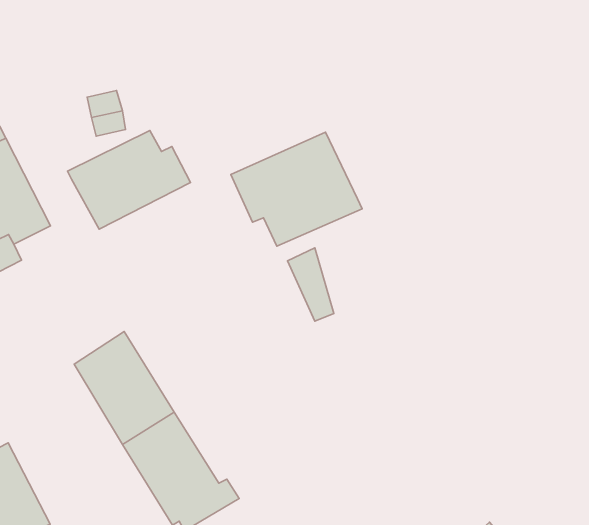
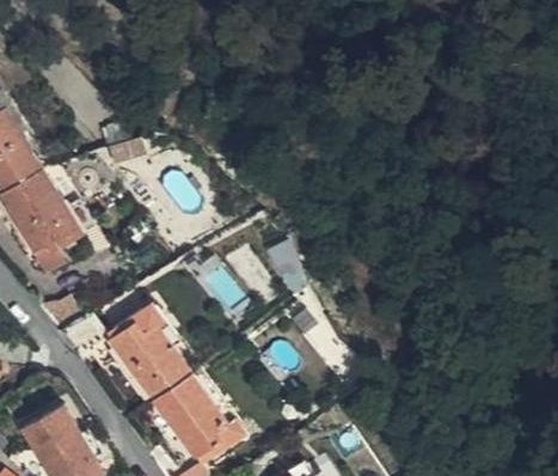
building: [67,130,190,229] -> none
building: [231,132,362,246] -> none

